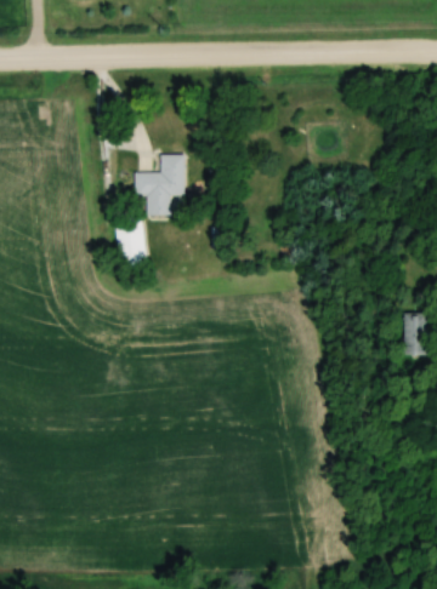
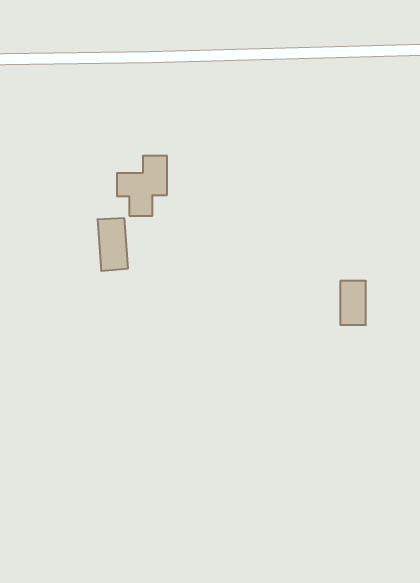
building: [403,313,429,356] -> [340,281,366,325]

